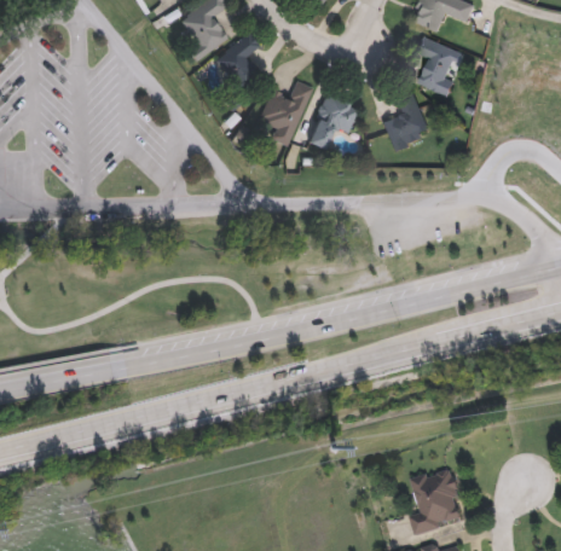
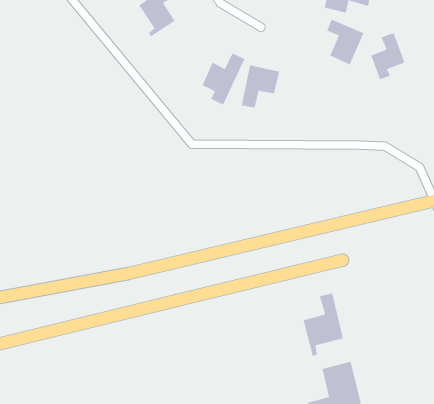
building: [214,31,260,92] -> none
building: [383,92,428,152] -> [370,32,406,80]
building: none -> [303,292,344,357]

